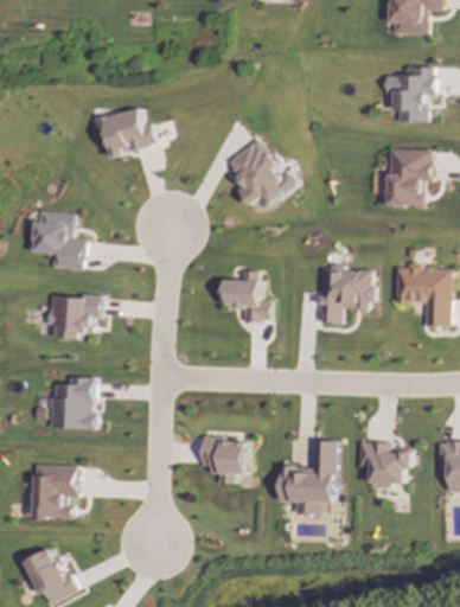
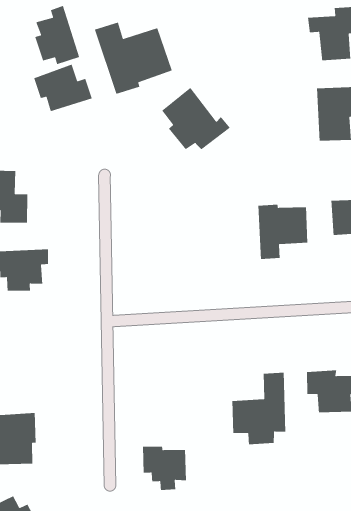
building: none -> [34,5,80,65]
building: none -> [94,22,173,95]
building: [223,279,270,321] -> none
building: [49,376,95,429] -> none
building: [200,435,247,483] -> [142,446,187,491]

